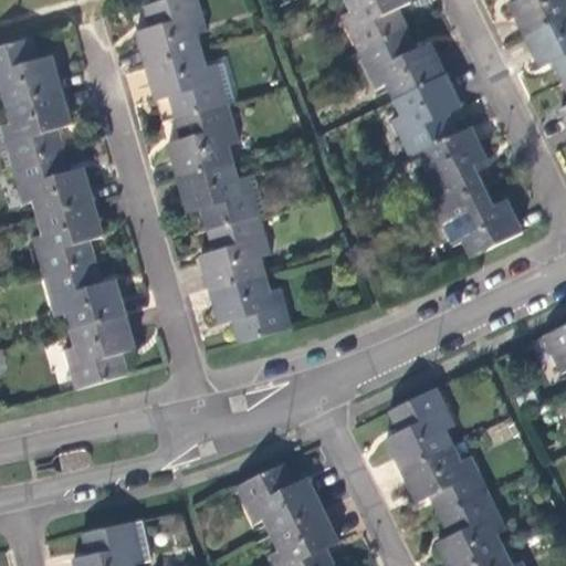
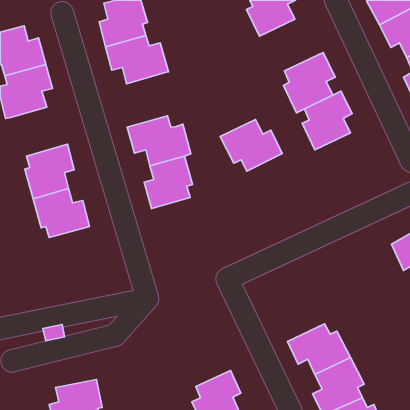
building: [358,29,446,99] -> none
building: [168,102,240,177] -> none
building: [17,149,95,217] -> none
building: [434,185,520,255] -> [220,120,282,171]
building: [210,273,286,342] -> none
building: [67,313,135,387] -> none
building: [380,390,451,471] -> none
building: [234,464,318,533] -> none

